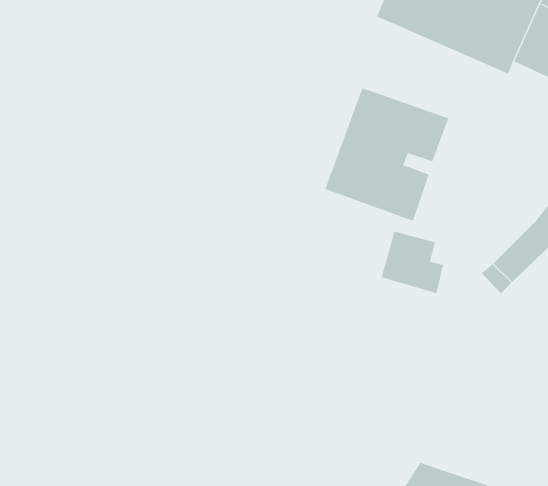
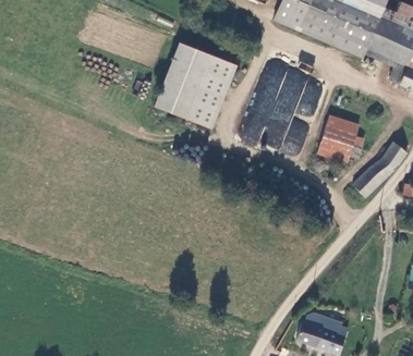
building: none -> [154,40,236,127]
building: [381,231,444,294] -> [321,114,364,157]

